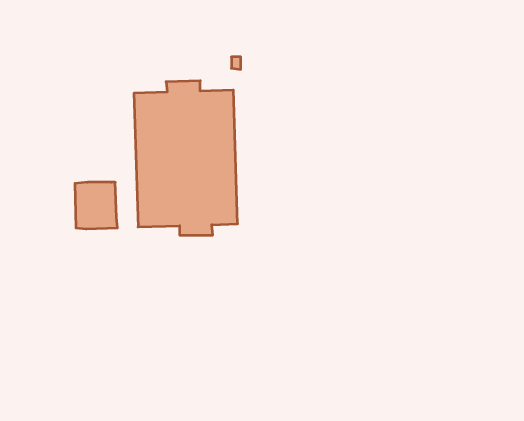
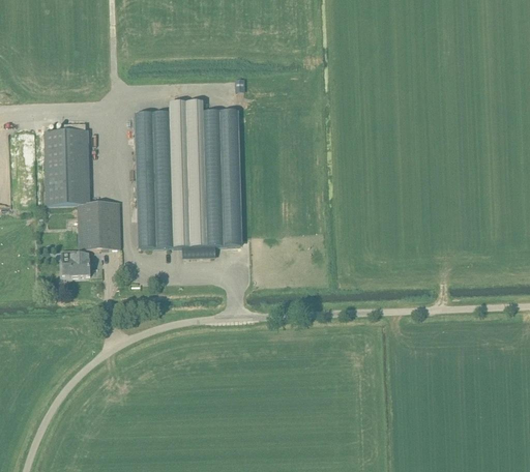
building: none -> [46,128,91,203]
building: none -> [63,247,91,274]

